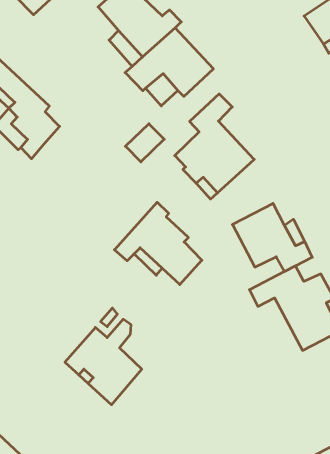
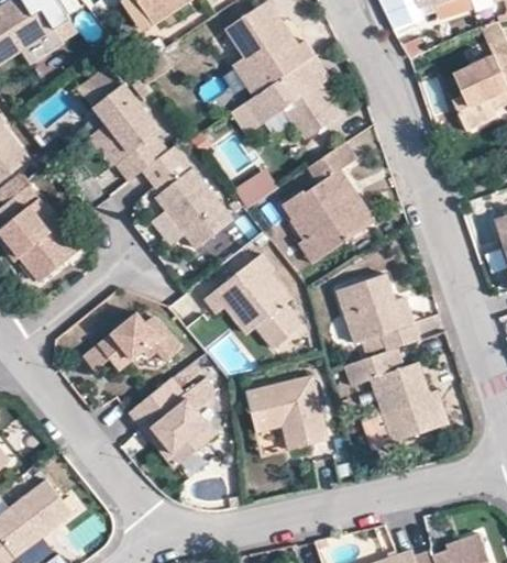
building: none -> [144,145,229,244]
building: none -> [90,316,181,368]
building: none -> [247,376,330,450]

